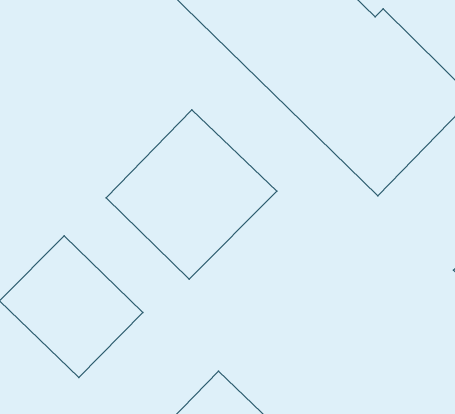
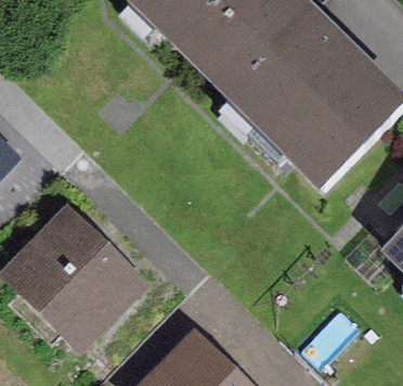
building: [106,110,277,279] -> none

